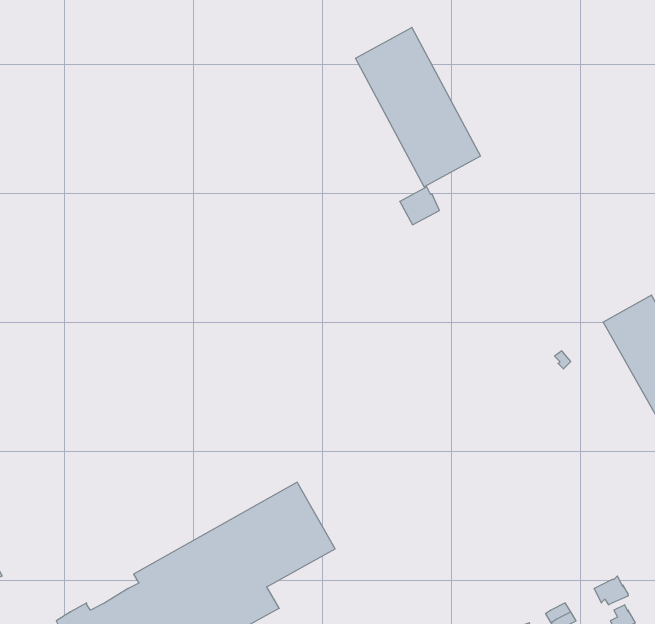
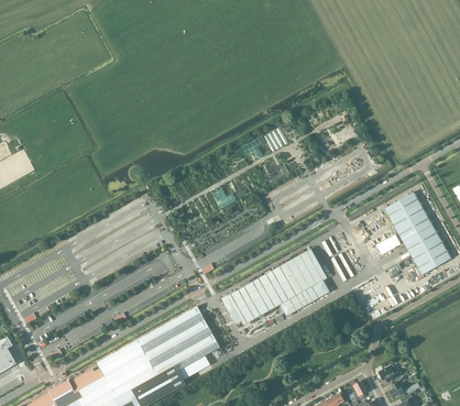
building: [356,27,480,187] -> none
building: none -> [222,250,328,325]

